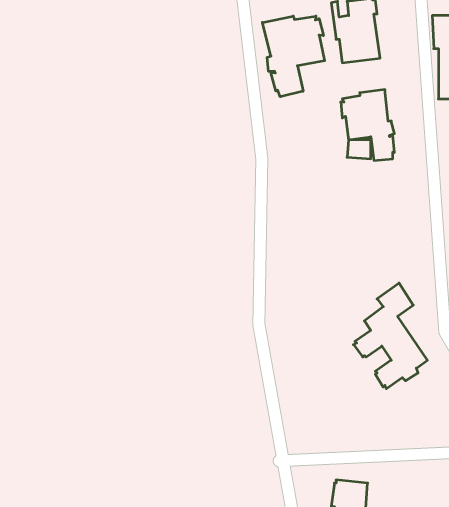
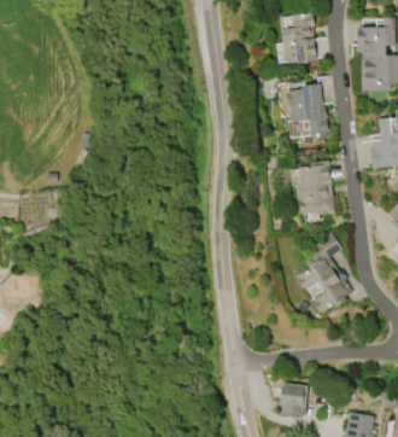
building: [262,16,325,97] -> none
building: none -> [294,161,334,215]

